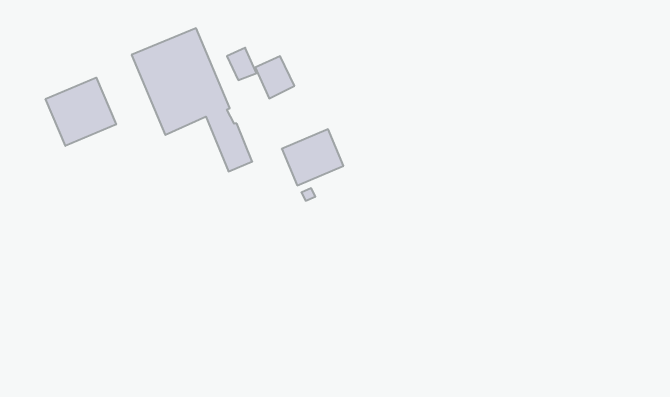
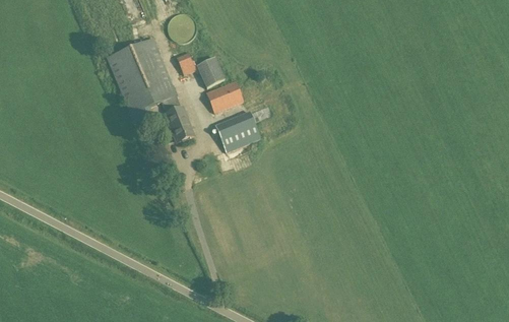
building: [46,78,116,146] -> none
building: none -> [206,80,243,113]

